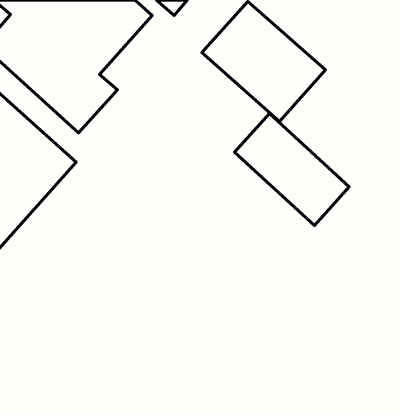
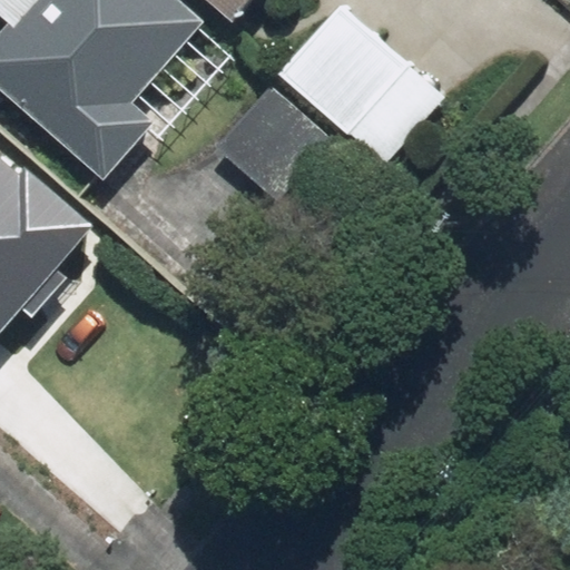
building: none -> [213,85,336,208]
building: [234,113,349,226] -> none

